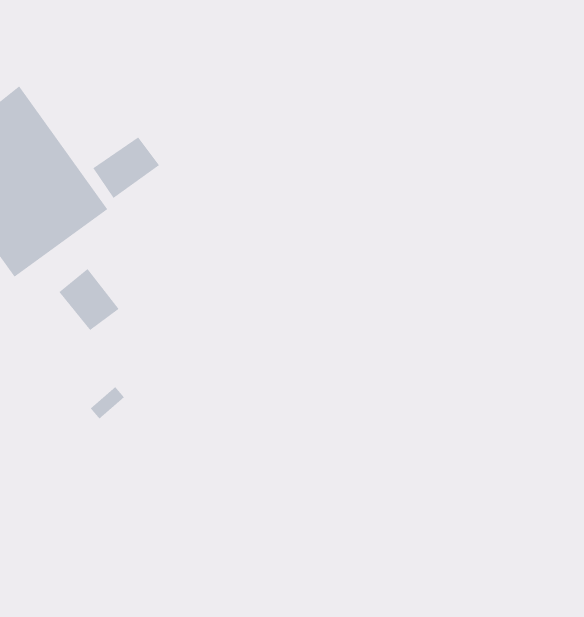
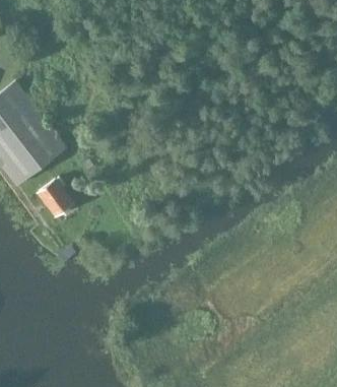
building: [92,136,160,199] -> none

